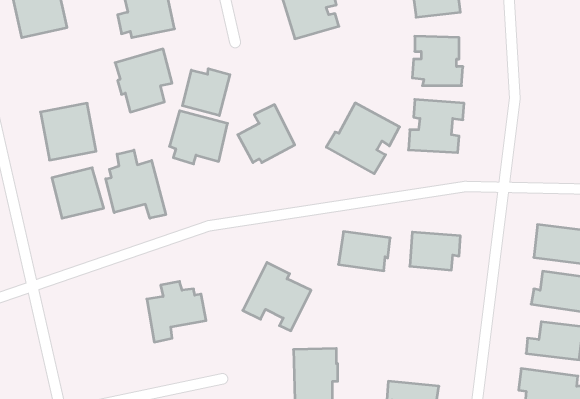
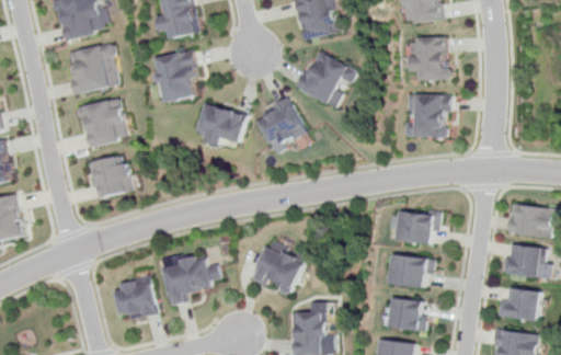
building: none -> [65,44,117,94]
building: [182,69,230,116] -> none
building: [326,103,400,174] -> [289,50,353,112]
building: [106,150,166,218] -> none
building: [338,232,390,271] -> [391,252,436,286]
building: none -> [119,273,165,320]
building: none -> [392,296,431,331]

